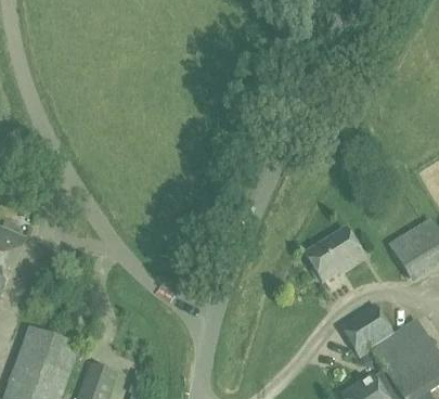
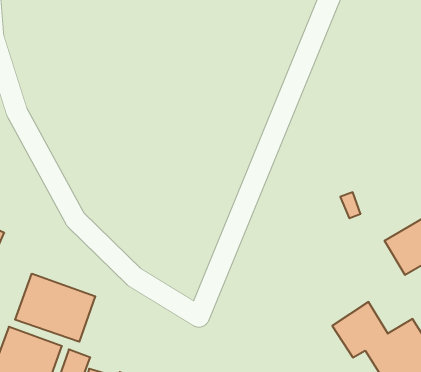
building: [305,228,364,281] -> none
building: none -> [15,274,95,342]

